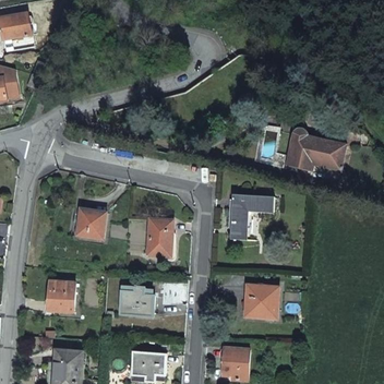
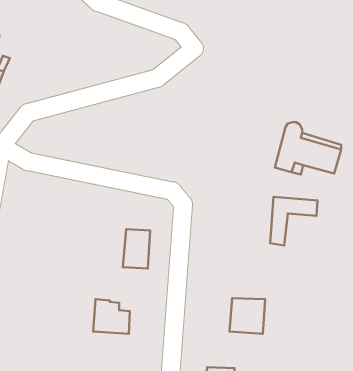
building: [228,194,272,239] -> [270,197,318,246]
building: [73,209,104,240] -> none
building: [47,284,74,315] -> none

